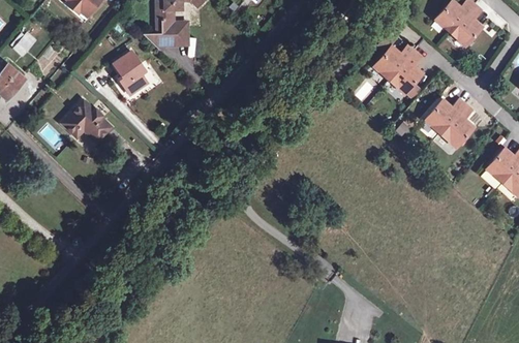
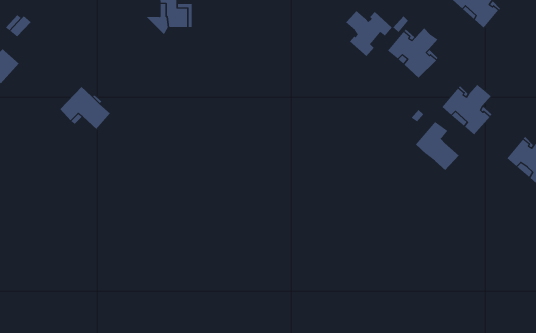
building: none -> [345,10,392,57]
building: [113,51,148,95] -> none
building: none -> [415,121,460,171]

